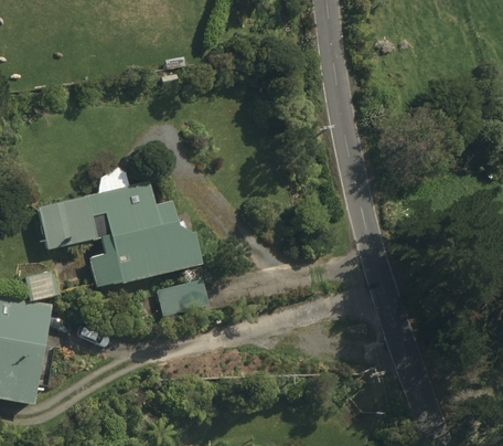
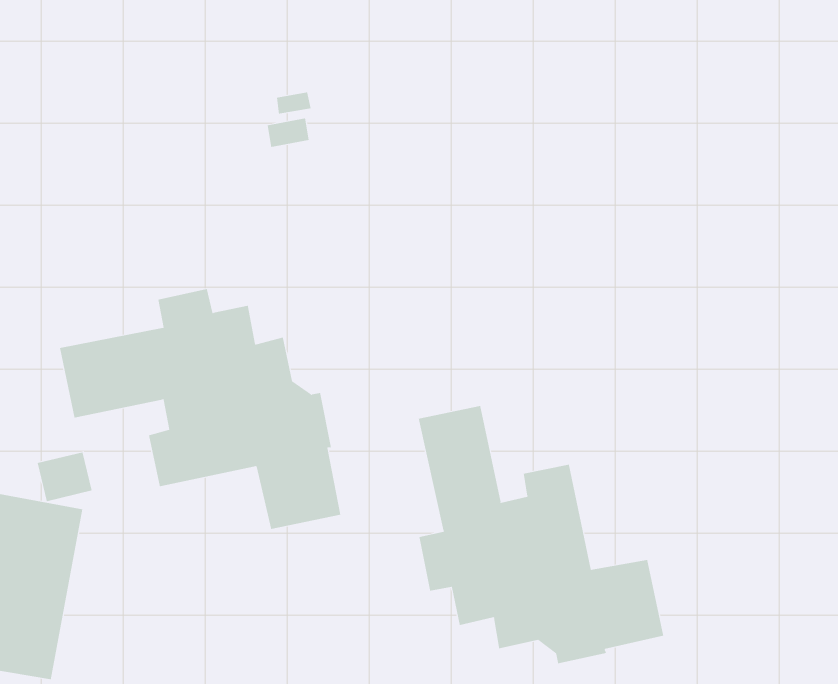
building: none -> [418,405,664,664]

